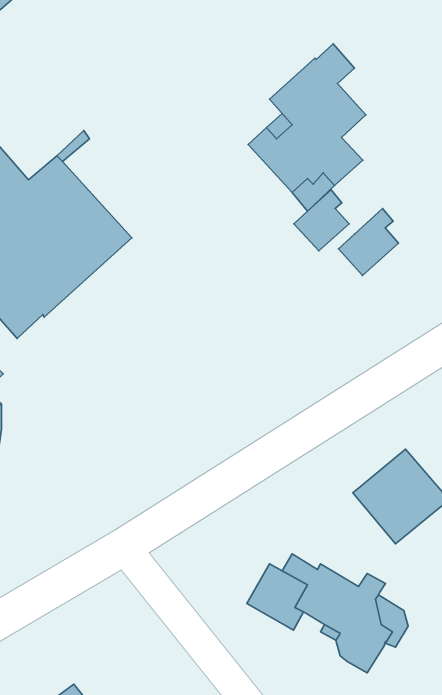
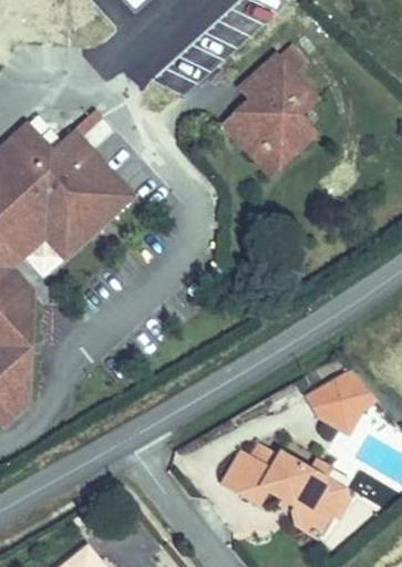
building: [294,190,349,251] -> none
building: [338,209,399,275] -> none

